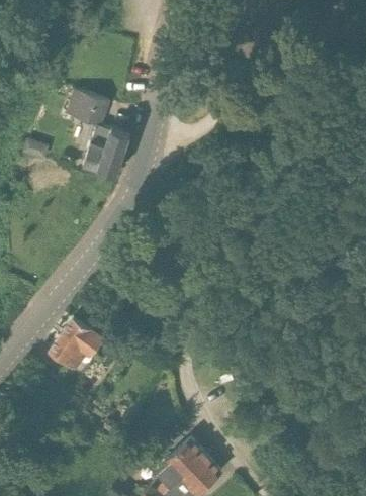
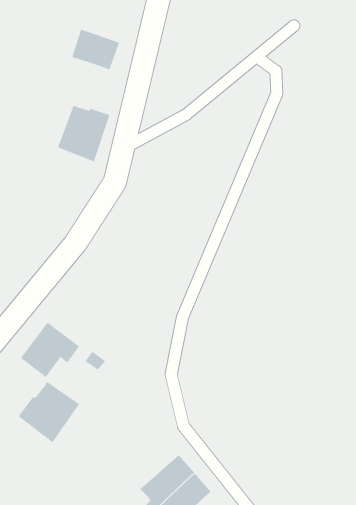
building: [67,90,110,127] -> [71,29,120,71]
building: none -> [18,381,80,443]

